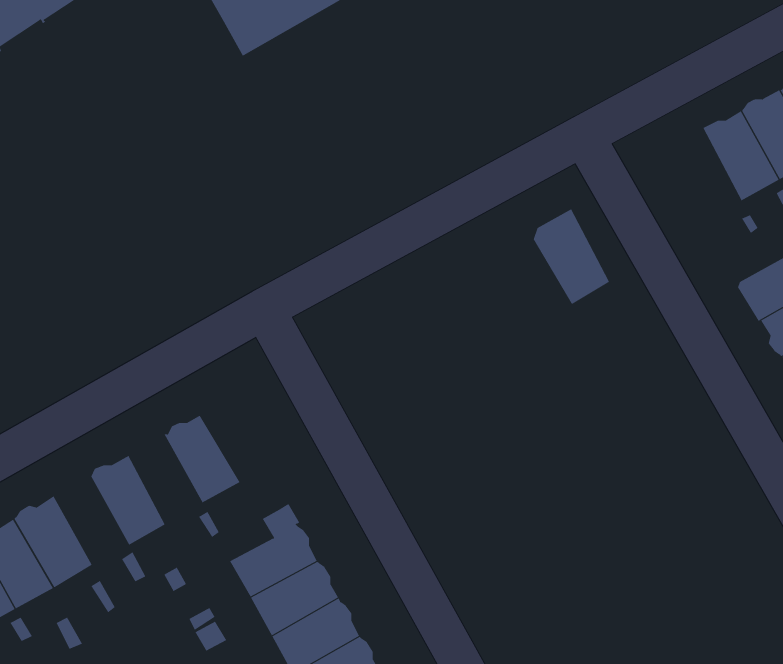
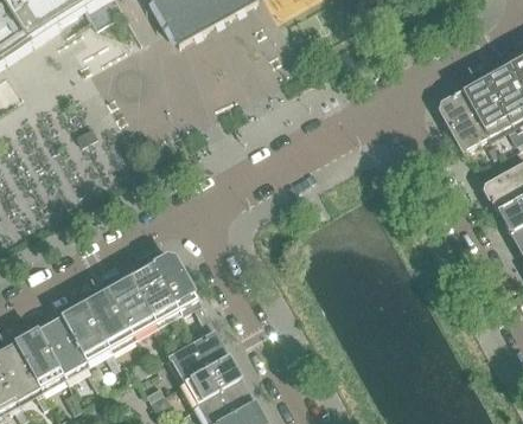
building: [533,209,610,305] -> [440,86,487,146]
building: none -> [153,252,209,321]
building: none -> [110,275,155,330]
building: none -> [64,301,110,355]

